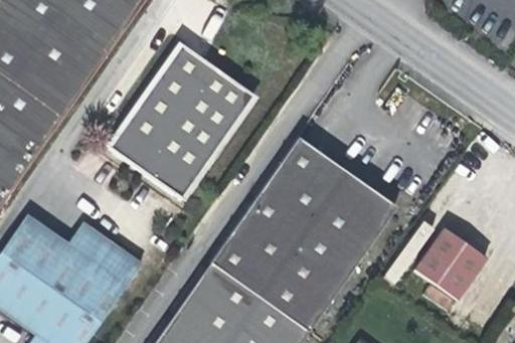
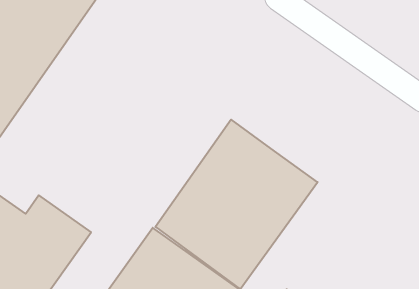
building: [115,43,256,200] -> none
building: [414,225,487,298] -> none

